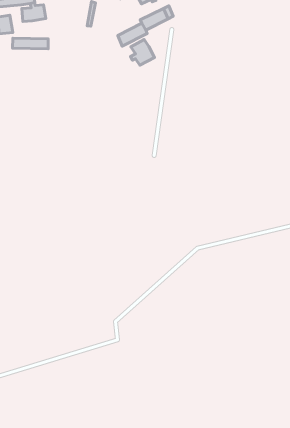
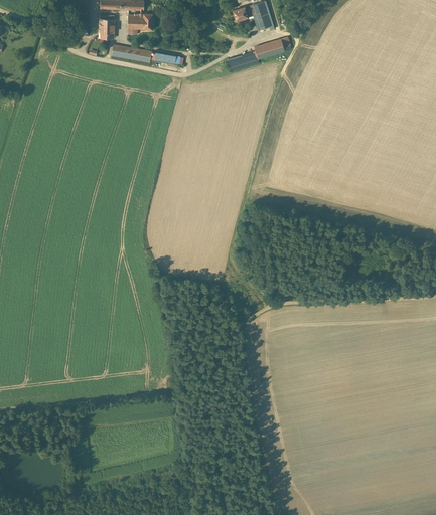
building: [131,39,154,65] -> none

